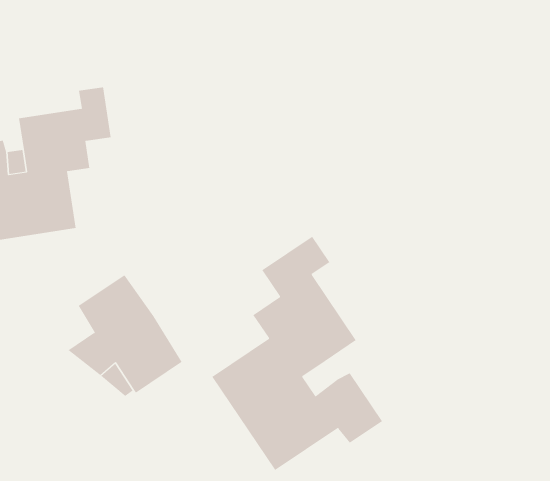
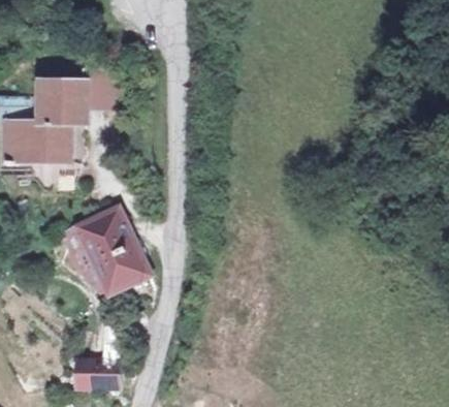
building: [212,236,383,471] -> none

